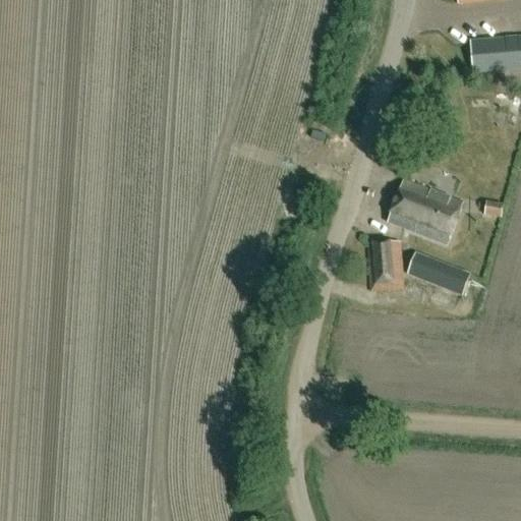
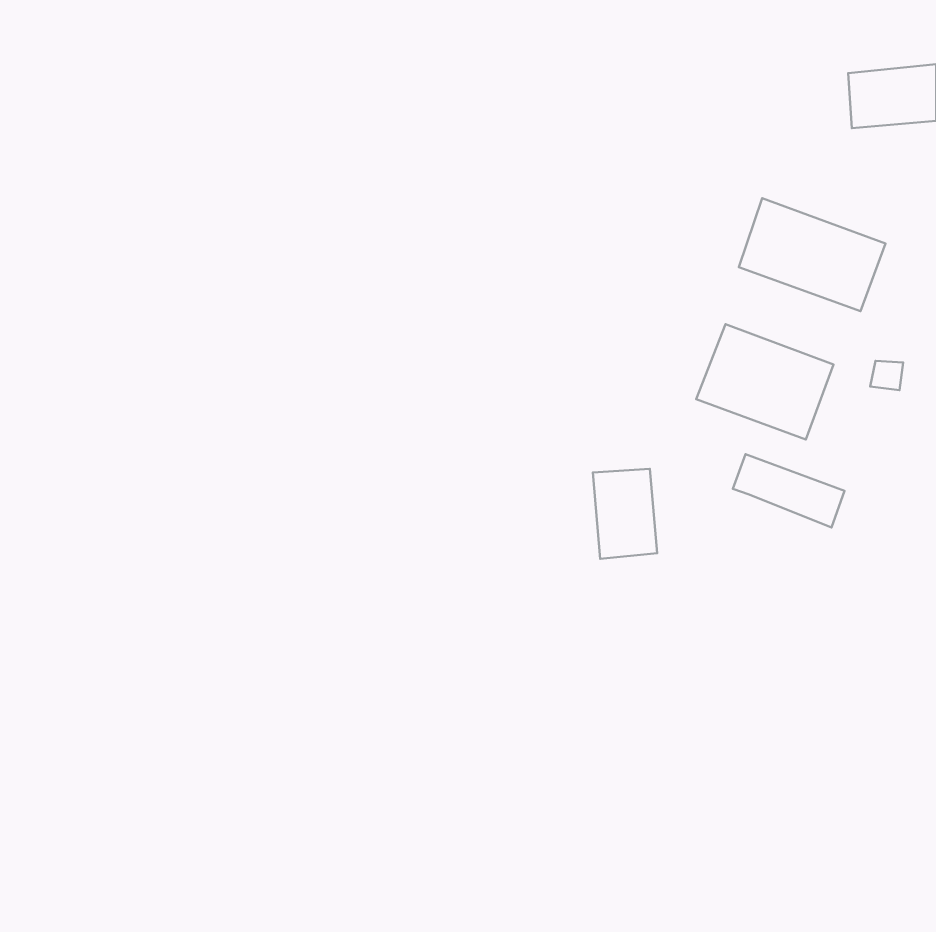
building: none -> [739,198,885,311]
building: [367,240,403,290] -> [593,469,657,559]

